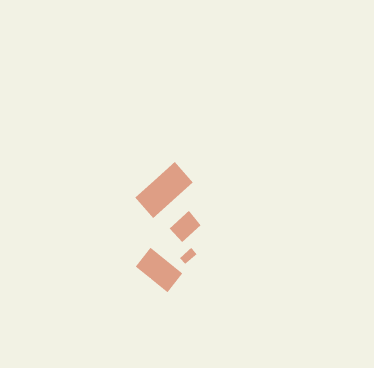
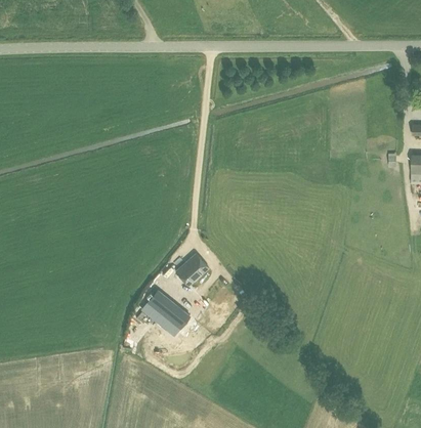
building: [135,161,194,219] -> none

